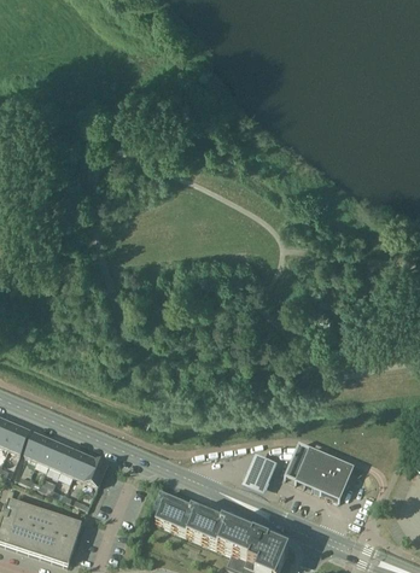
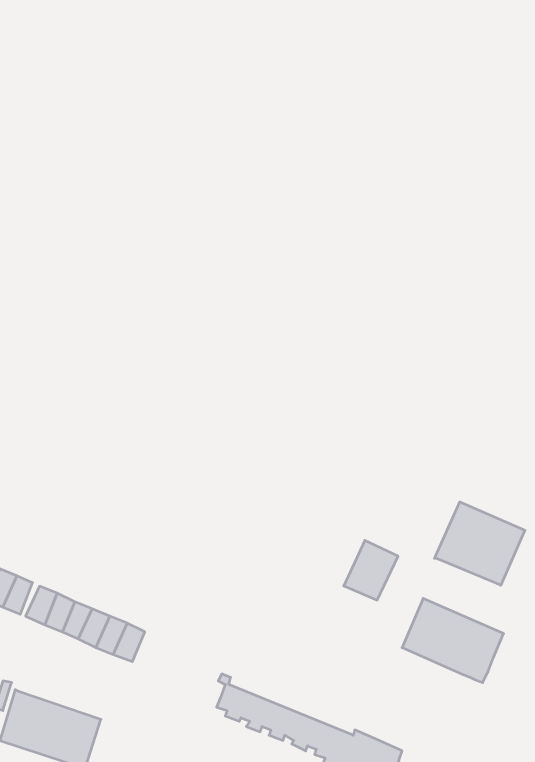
building: none -> [434,502,525,585]
building: [243,452,280,493] -> [344,540,398,600]

